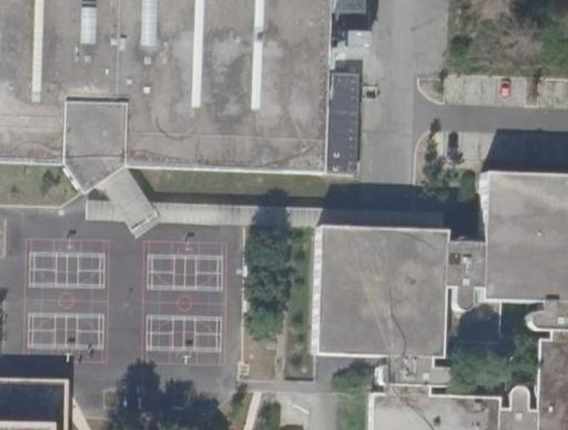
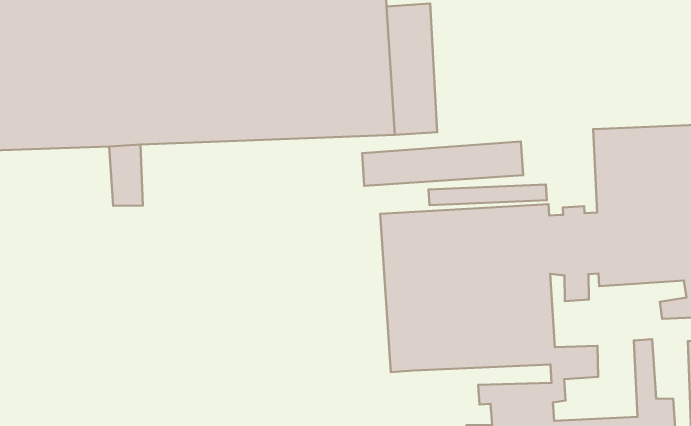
building: none -> [362,142,523,186]

